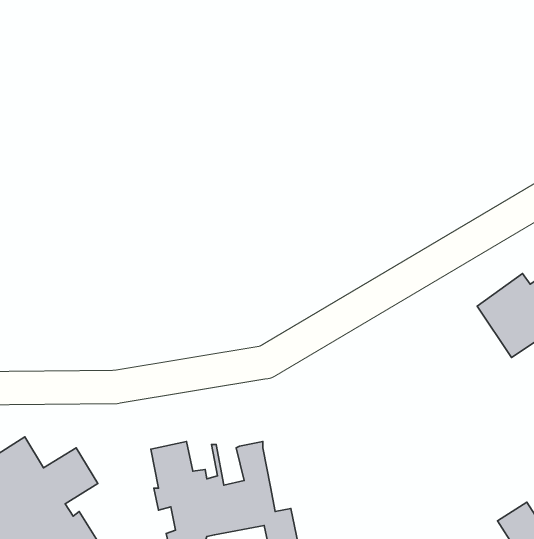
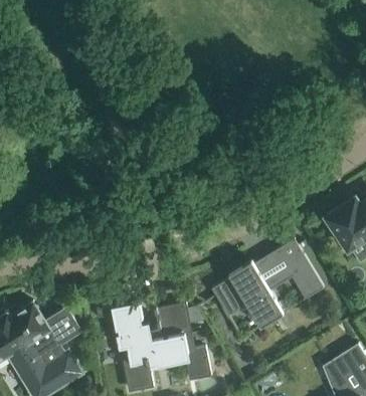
building: none -> [210,239,324,327]

